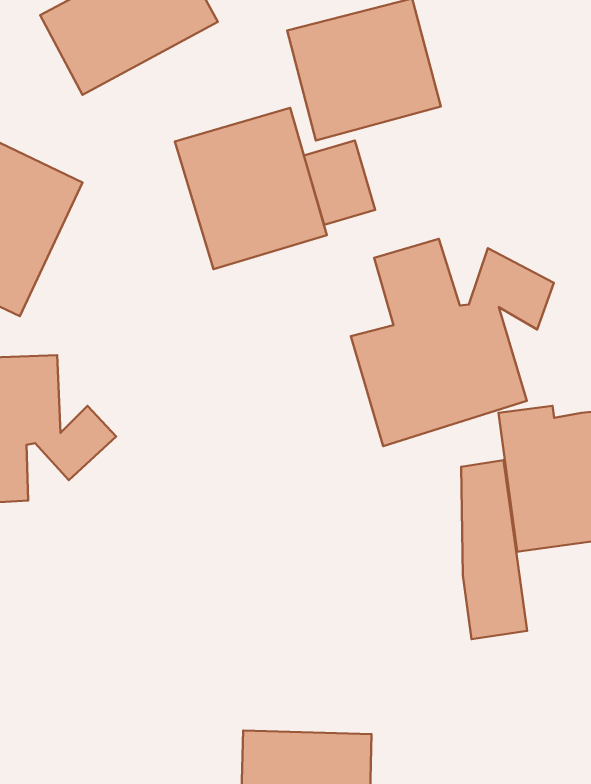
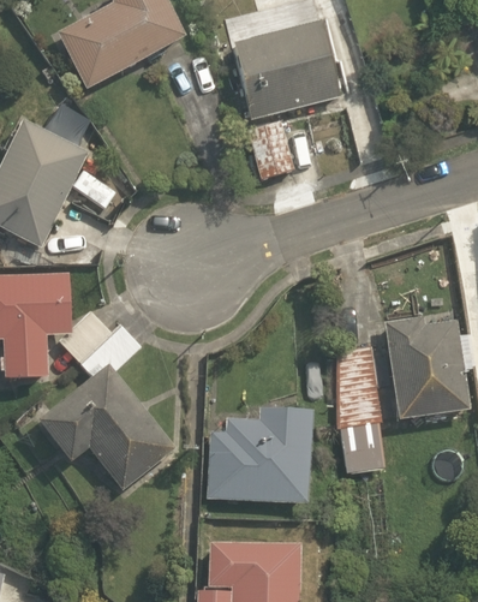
building: [175,108,327,269] -> none
building: [351,239,554,446] -> none
building: none -> [37,323,179,491]
building: none -> [204,404,309,499]

